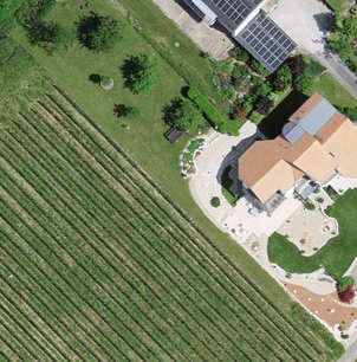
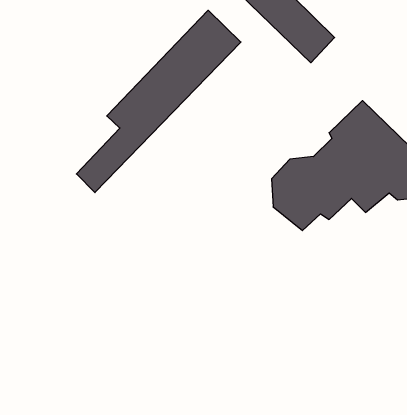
building: none -> [76,10,241,193]

